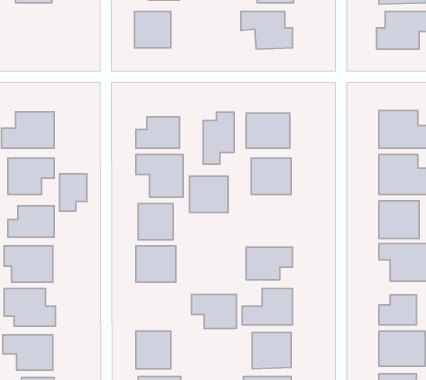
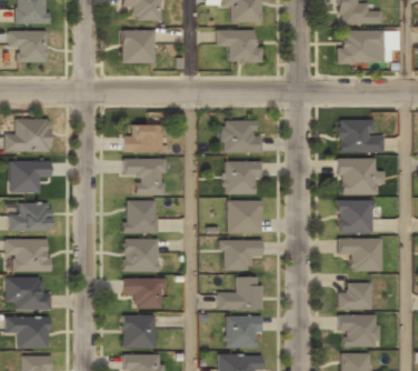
building: none -> [9,31,48,62]
building: [203,112,234,164] -> none
building: [59,174,87,211] -> none
building: [189,176,228,213] -> [227,200,261,232]
building: [191,295,237,328] -> [122,277,162,307]

